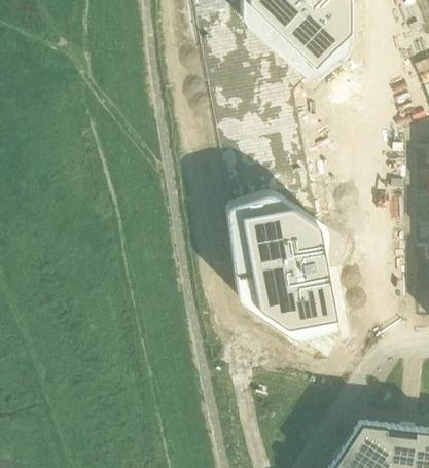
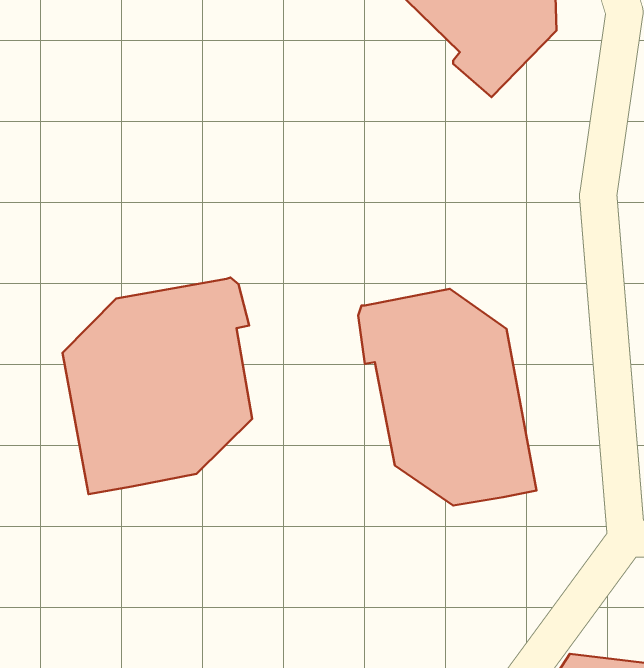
building: none -> [62,278,252,494]

